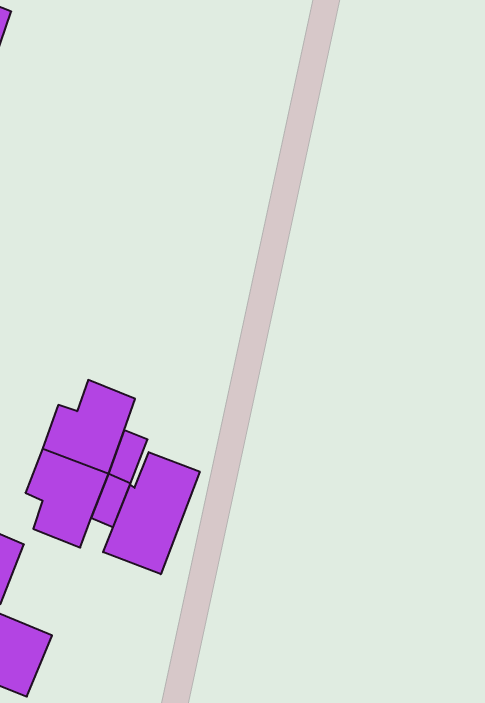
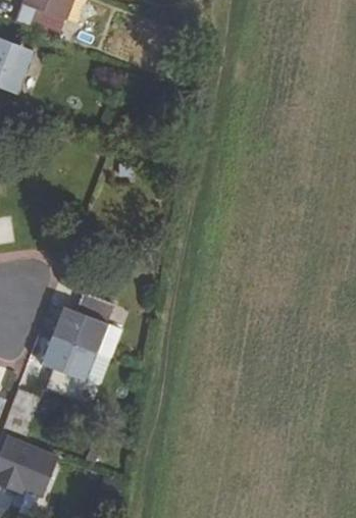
building: [103,452,200,574] -> none

